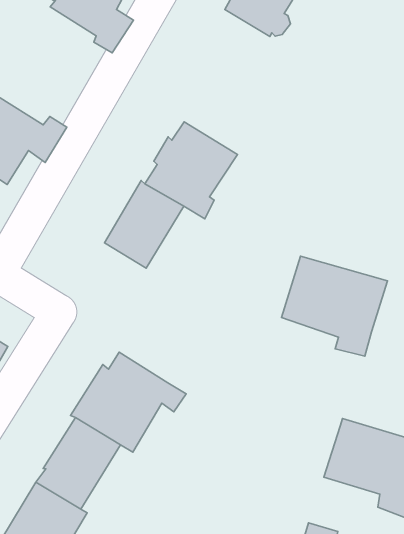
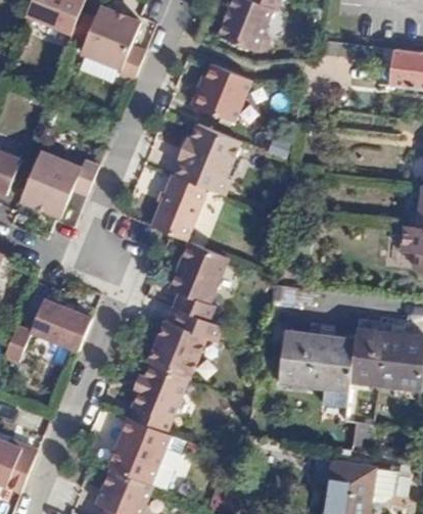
building: none -> [190,66,251,127]
building: [281,256,388,356] -> [277,331,354,400]
building: none -> [170,243,238,327]

